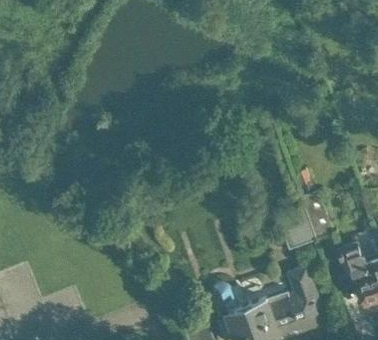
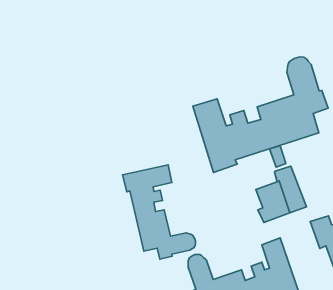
building: none -> [193,57,328,172]
building: none -> [123,165,196,259]

